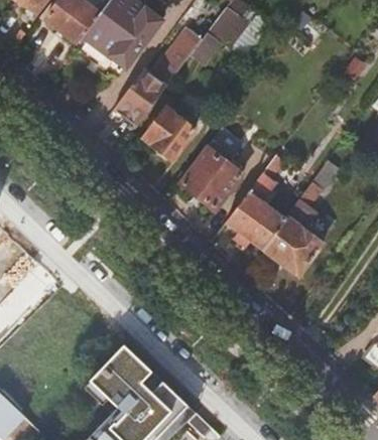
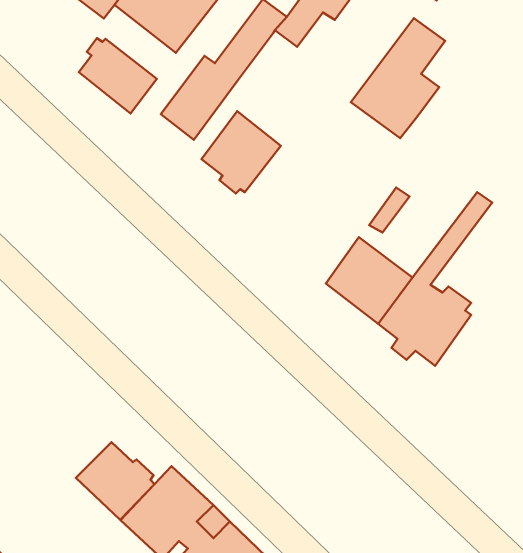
building: none -> [79,38,157,114]
building: [181,129,245,209] -> [351,18,445,138]
building: none -> [76,442,155,520]

